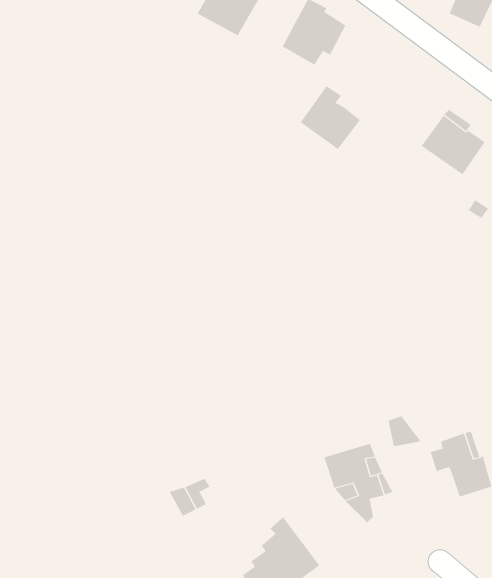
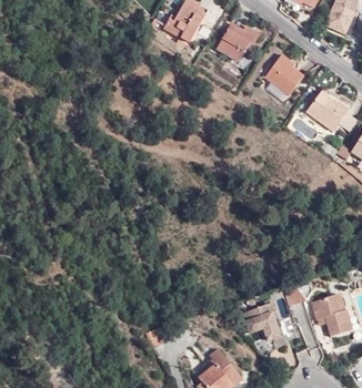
building: [300,85,361,150] -> [265,54,304,95]

